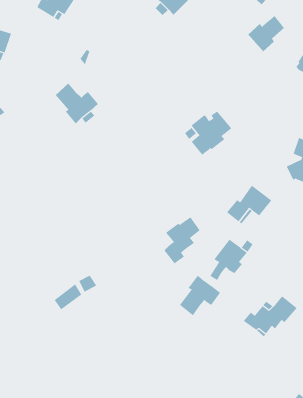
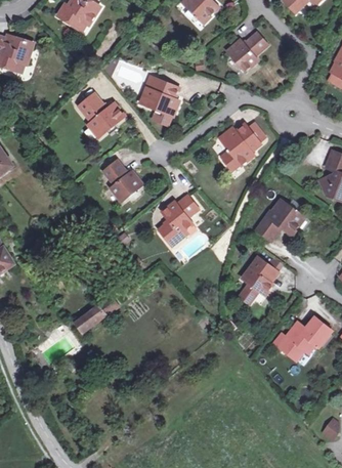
building: [247,15,285,52] -> [227,32,266,71]
building: none -> [138,77,177,122]
building: none -> [104,161,142,201]
building: [163,216,201,264] -> [160,195,199,245]
building: [179,275,221,316] -> none

